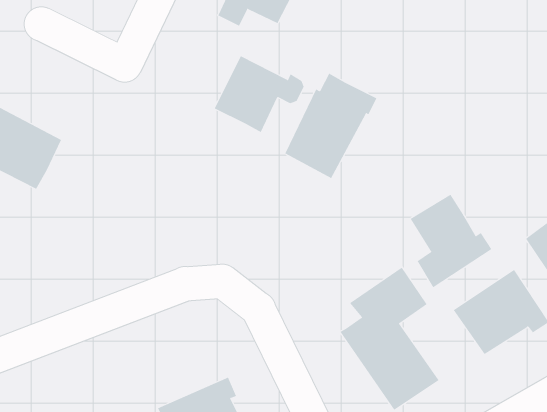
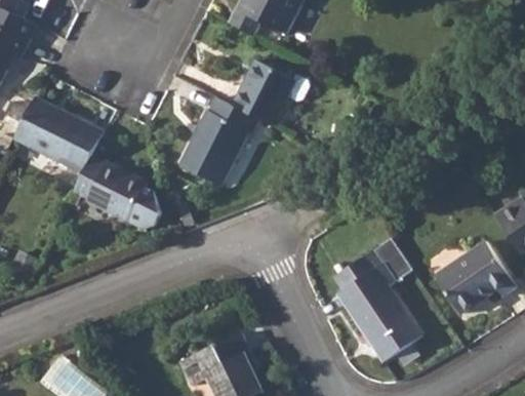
building: [284,73,377,179] -> [178,96,257,187]
building: none -> [72,157,157,229]
building: [410,194,492,288] -> none

